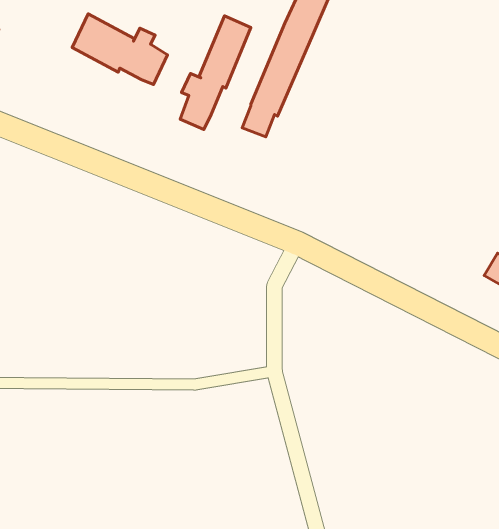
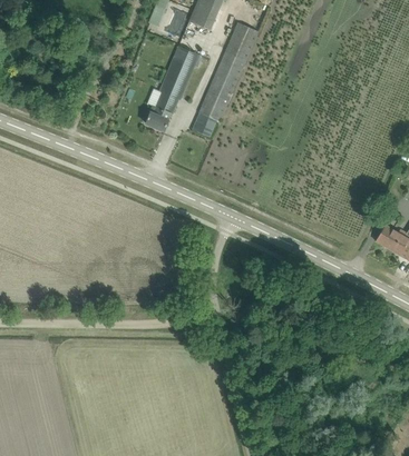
building: [72,14,168,85] -> none

